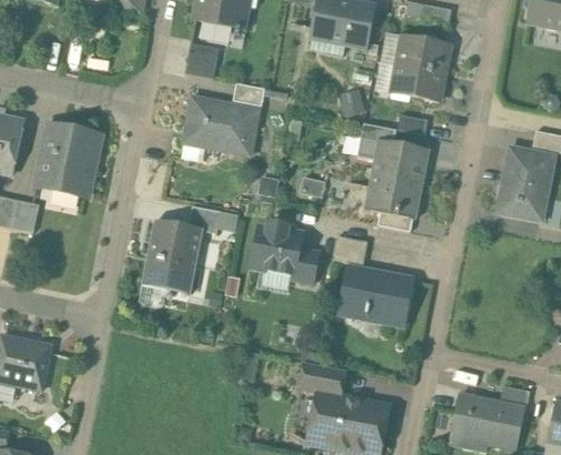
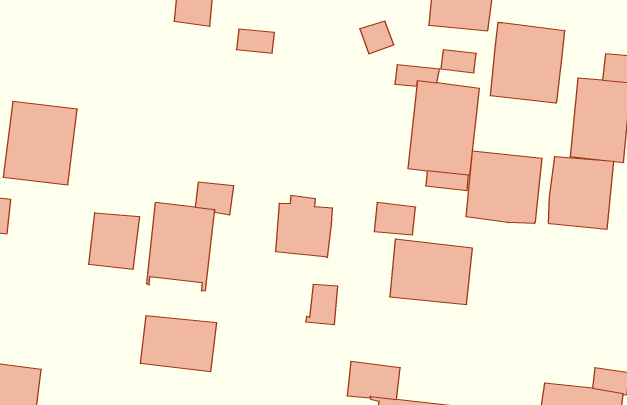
building: none -> [490,22,565,103]
building: [184,101,258,154] -> none
building: none -> [466,151,542,224]
building: none -> [549,156,613,229]
building: none -> [89,213,139,269]
building: [289,249,318,283] -> [306,284,338,325]
building: none -> [140,316,217,372]

